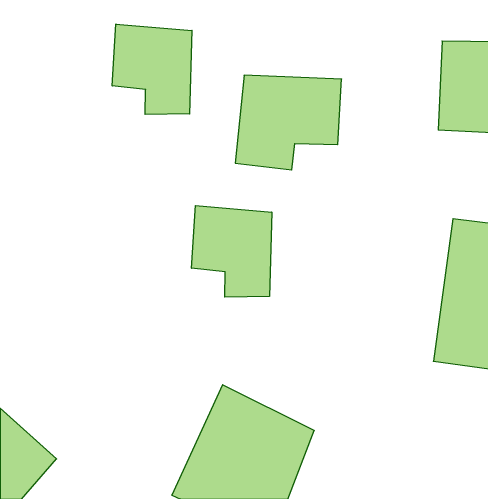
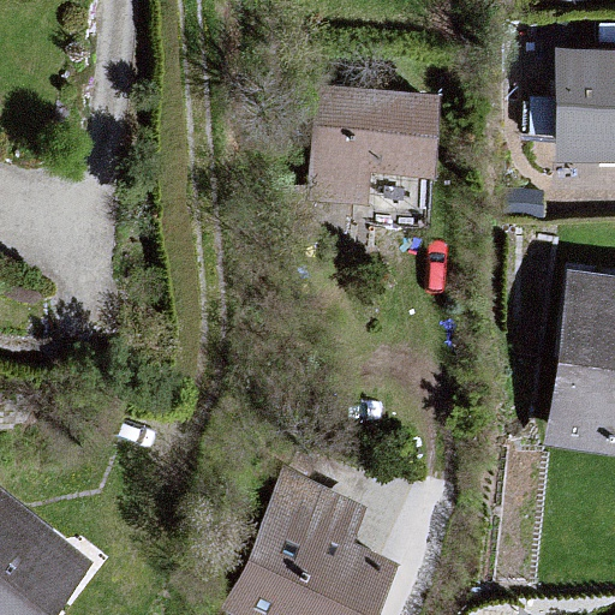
building: [112,24,192,114] -> none
building: [192,206,272,297] -> none

